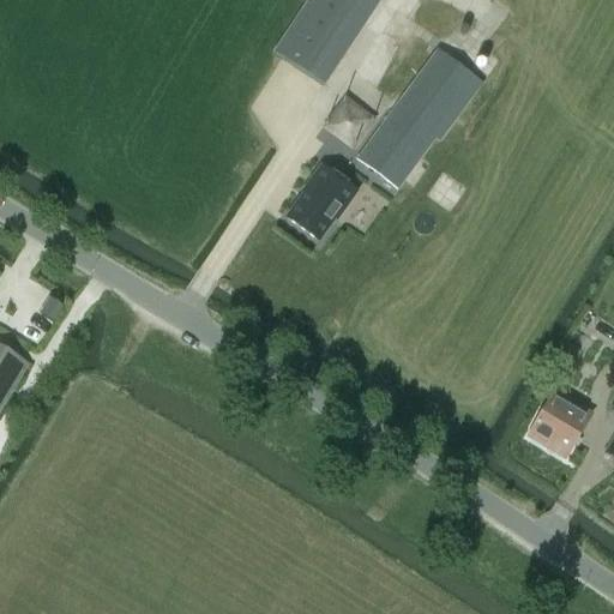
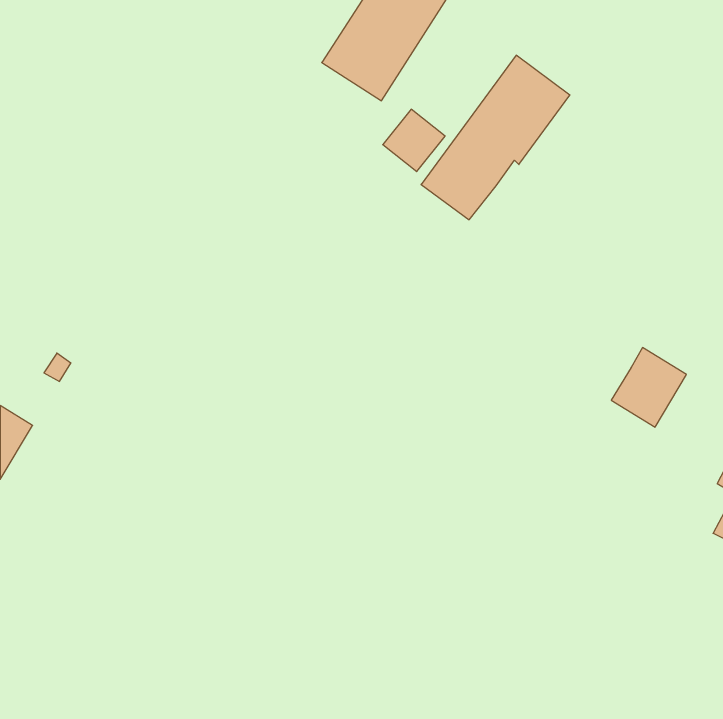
building: [288,163,357,237] -> none
building: [529,389,592,456] -> [611,348,686,427]

